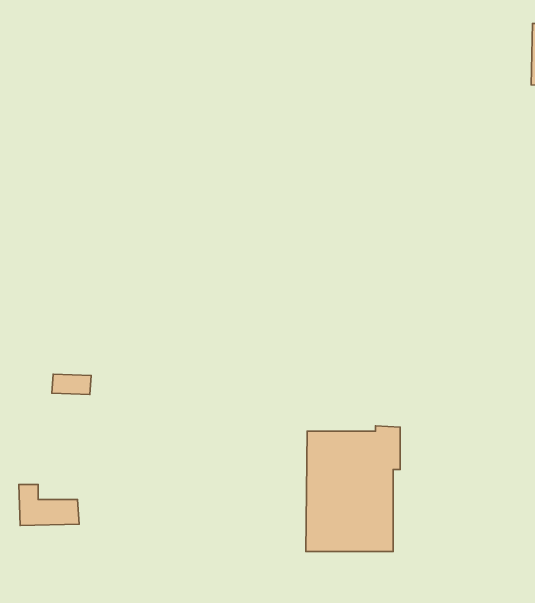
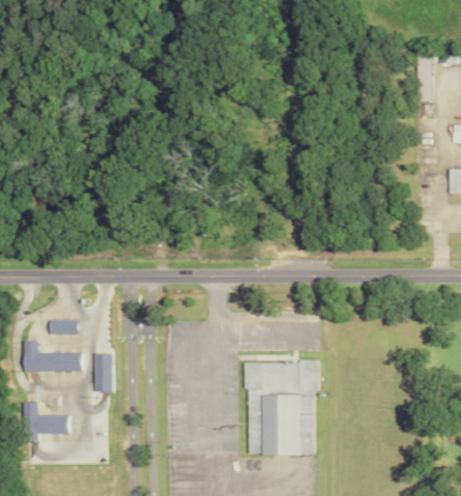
building: none -> [27,341,87,372]
building: none -> [97,352,116,391]

